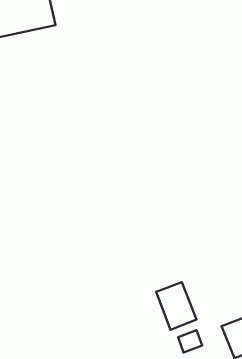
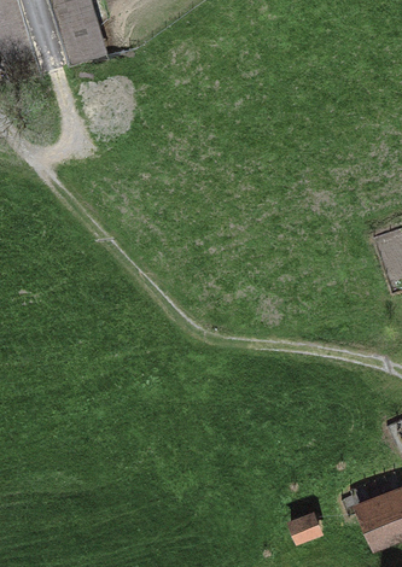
building: [156,282,196,330] -> none

